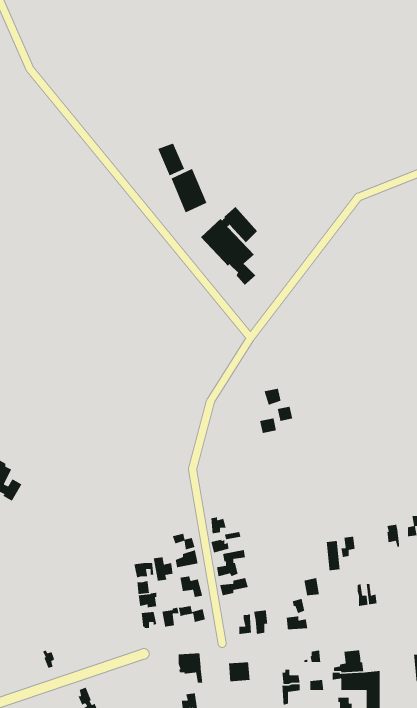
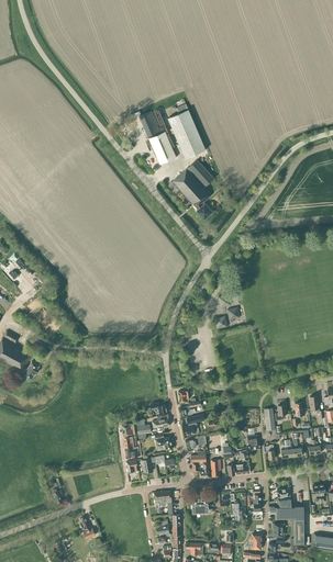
building: none -> [168,109,206,158]

